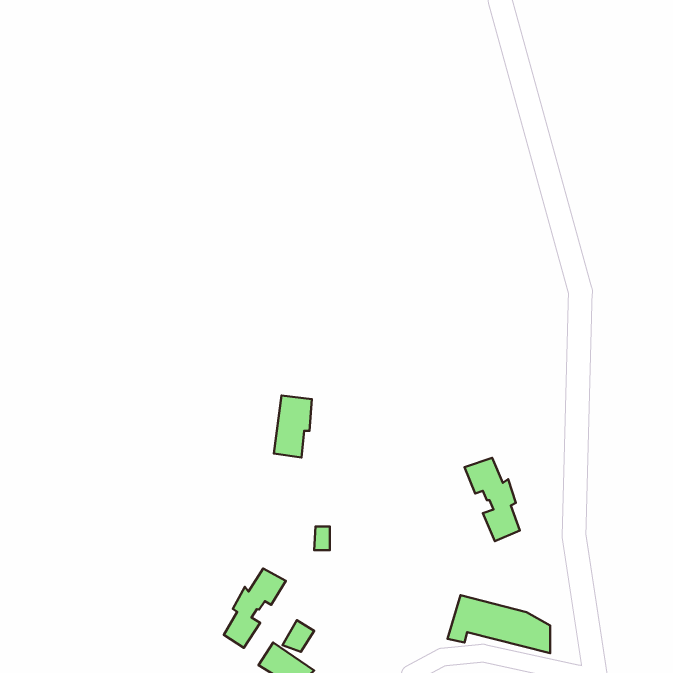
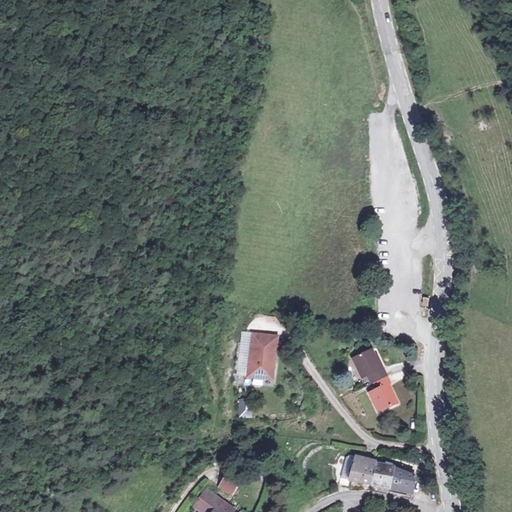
building: [274,395,312,457] -> [246,334,275,381]
building: [224,569,286,648] -> none

